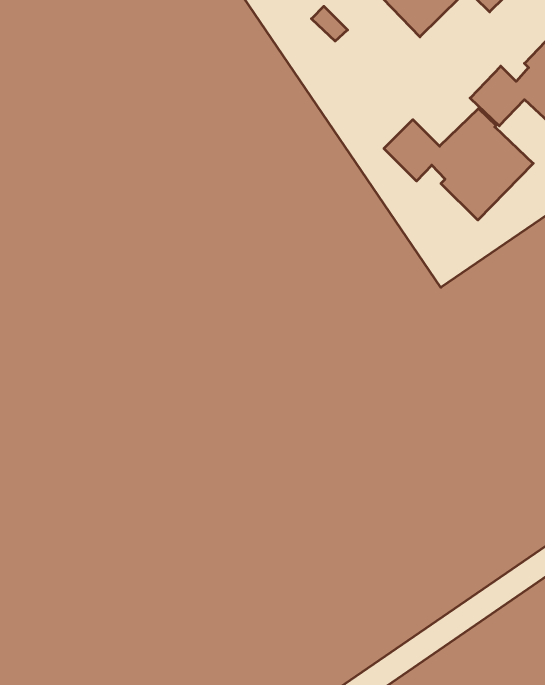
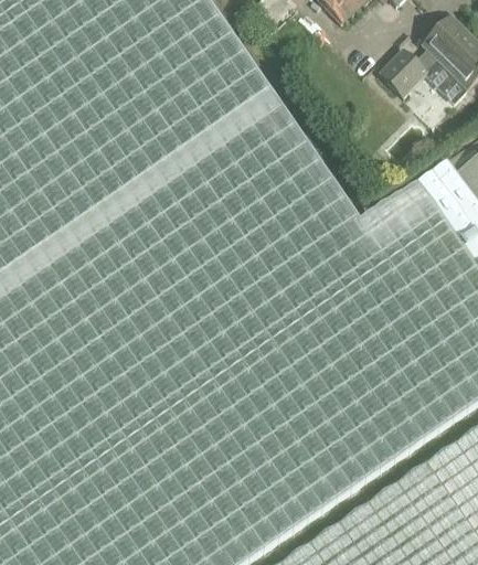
building: [384,109,533,220] -> none

